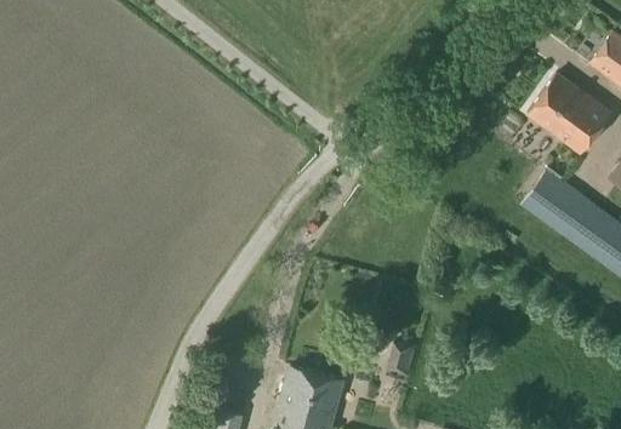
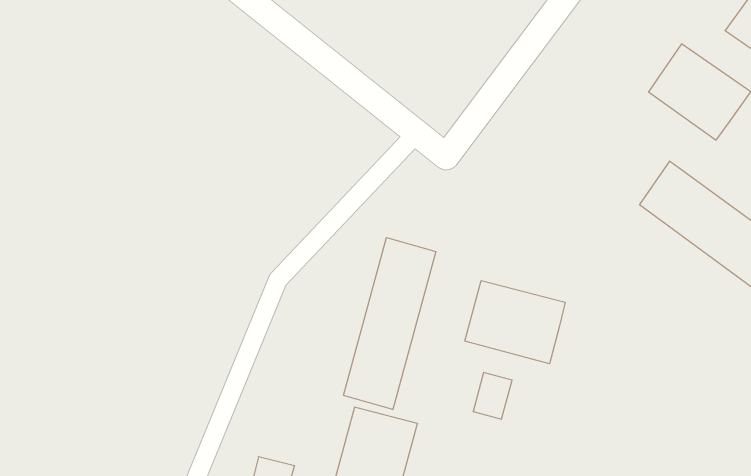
building: none -> [344,238,436,410]
building: none -> [465,281,565,364]

